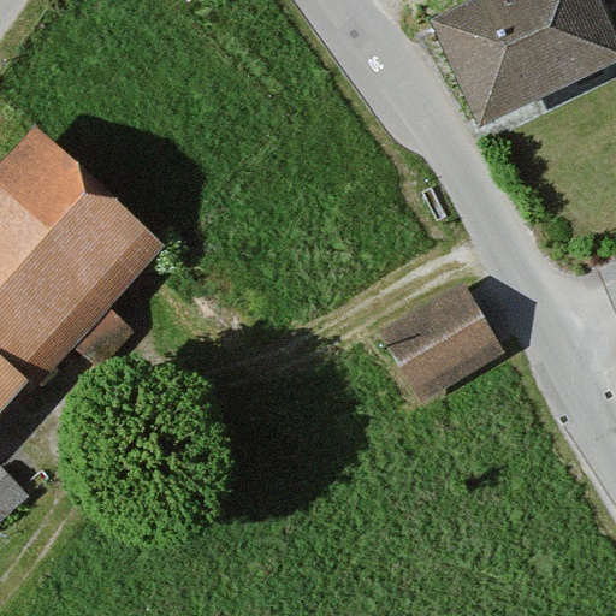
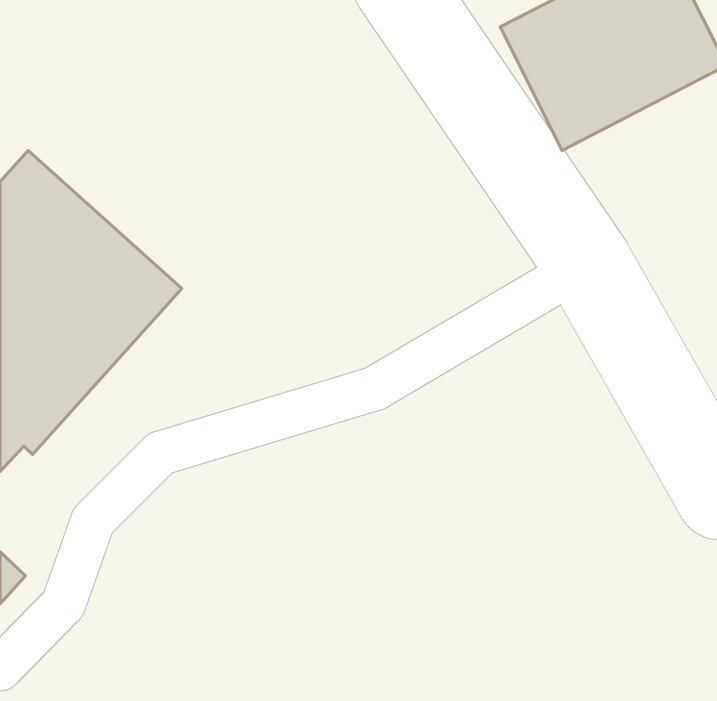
building: [374,282,503,401] -> none

